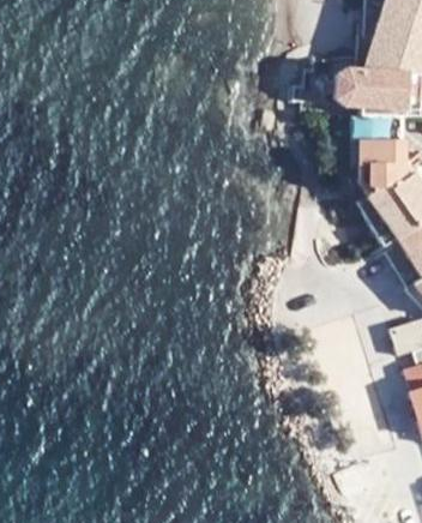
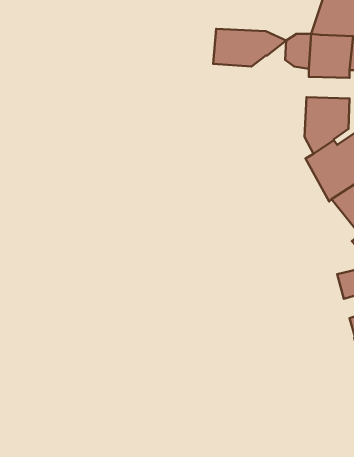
building: none -> [213,29,286,66]

